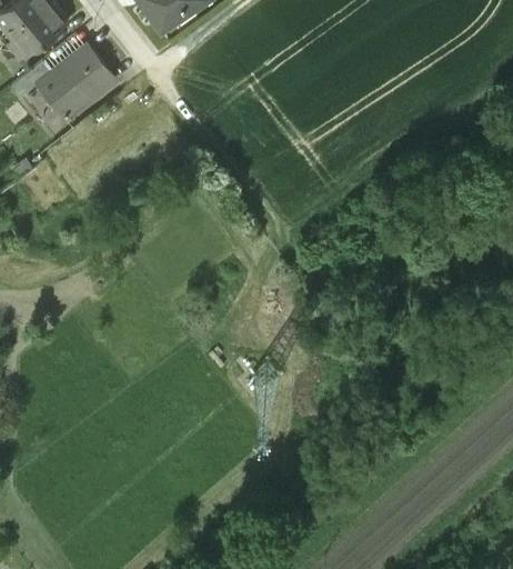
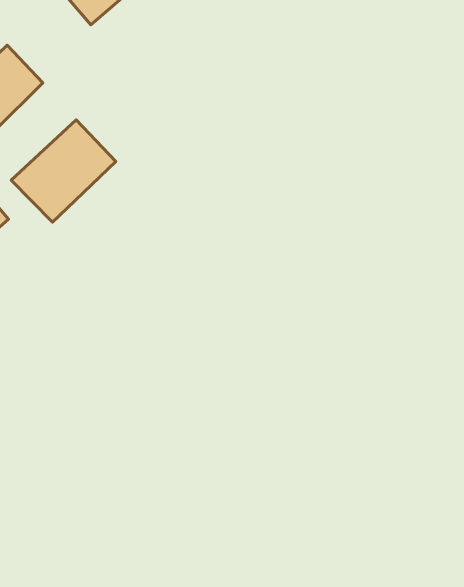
building: none -> [11,120,116,222]

